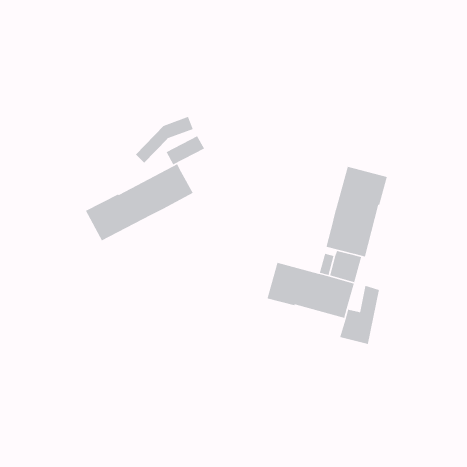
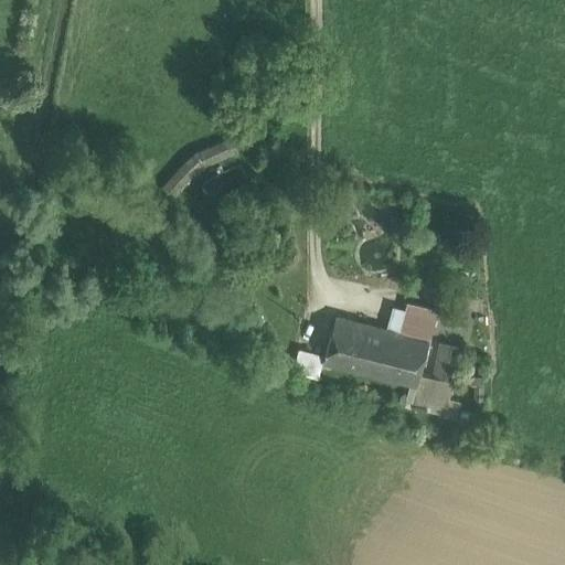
building: [85,163,194,241] -> none
building: [326,166,388,257] -> none

